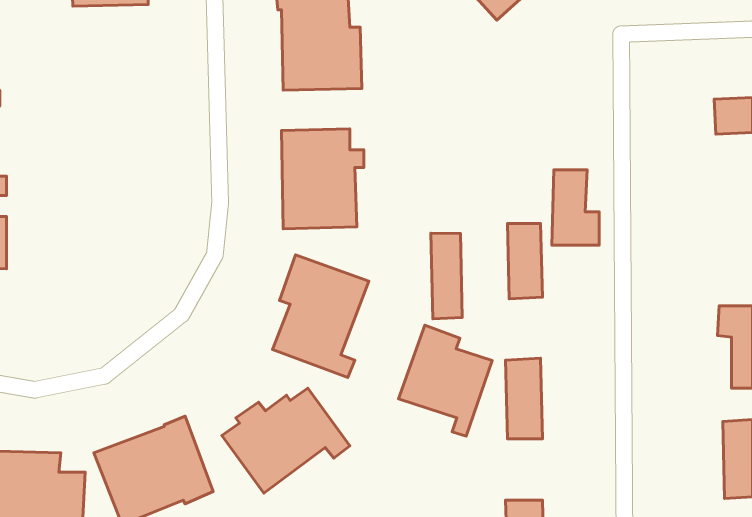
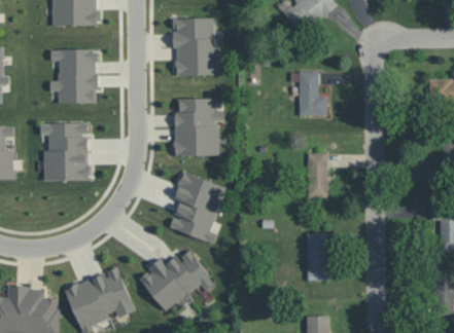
building: none -> [49,48,96,103]
building: [552,170,599,245] -> [298,71,325,115]
building: none -> [39,122,88,180]
building: [431,233,462,319] -> none
building: [398,325,492,436] -> none

